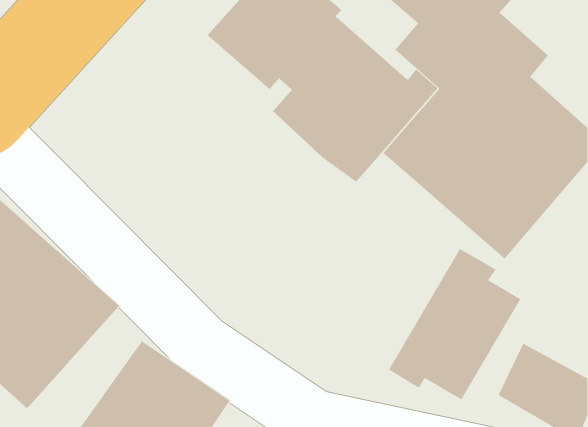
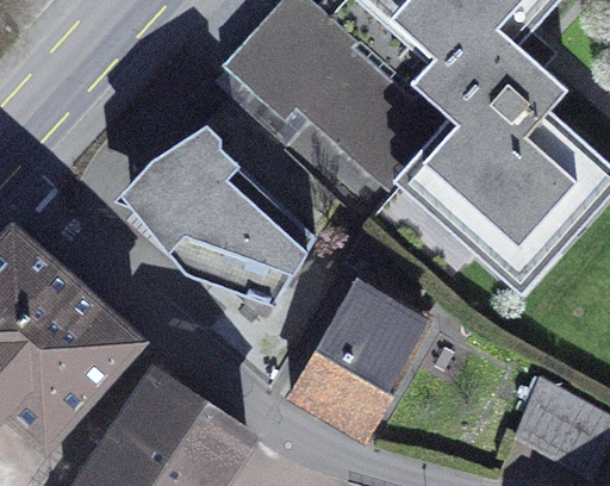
building: none -> [131,130,313,306]
building: [388,248,521,400] -> [291,272,424,424]

